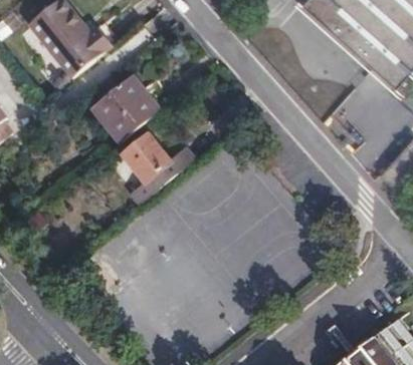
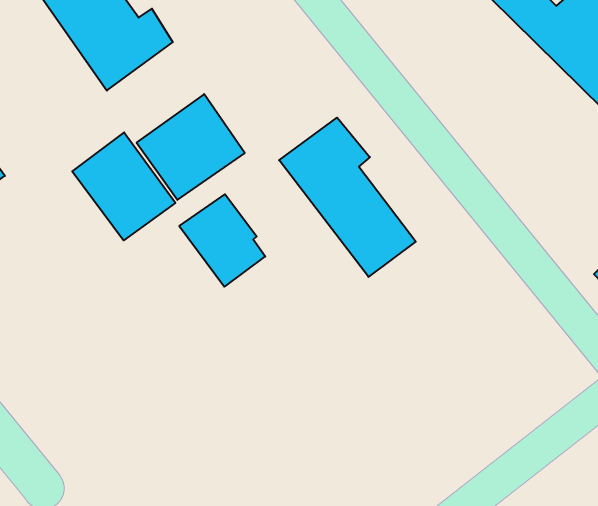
building: none -> [279,118,416,277]
building: none -> [72,132,175,240]

